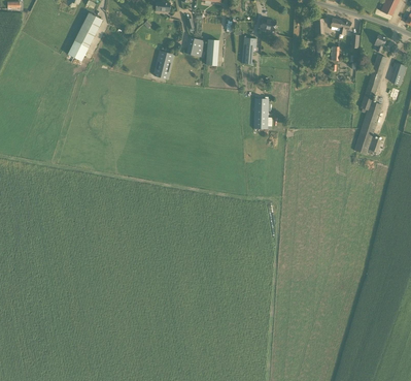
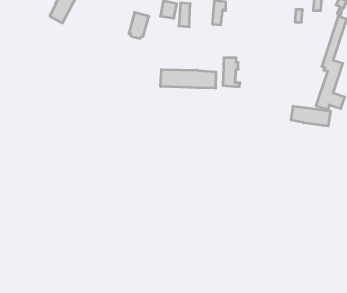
building: none -> [161,69,216,88]
building: none -> [291,106,331,126]

